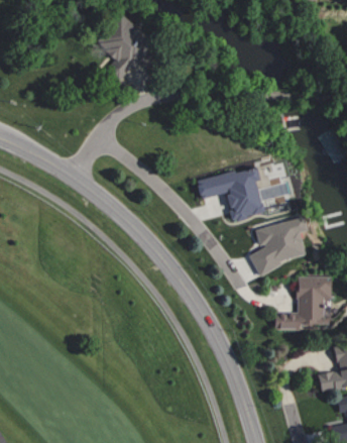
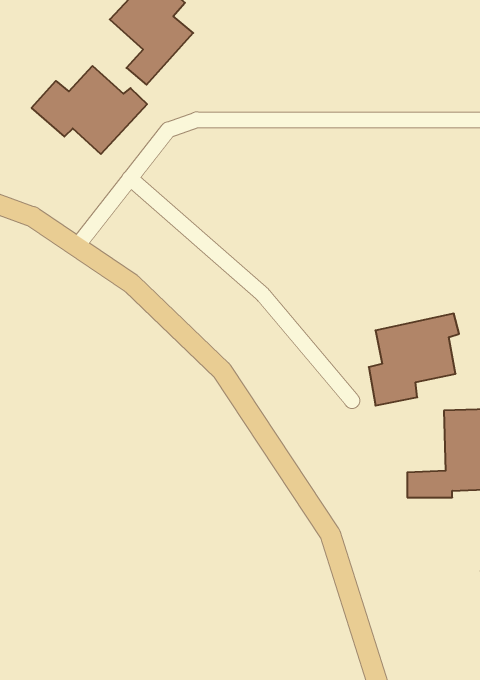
building: none -> [32,66,147,154]
building: [197,167,263,220] -> none

